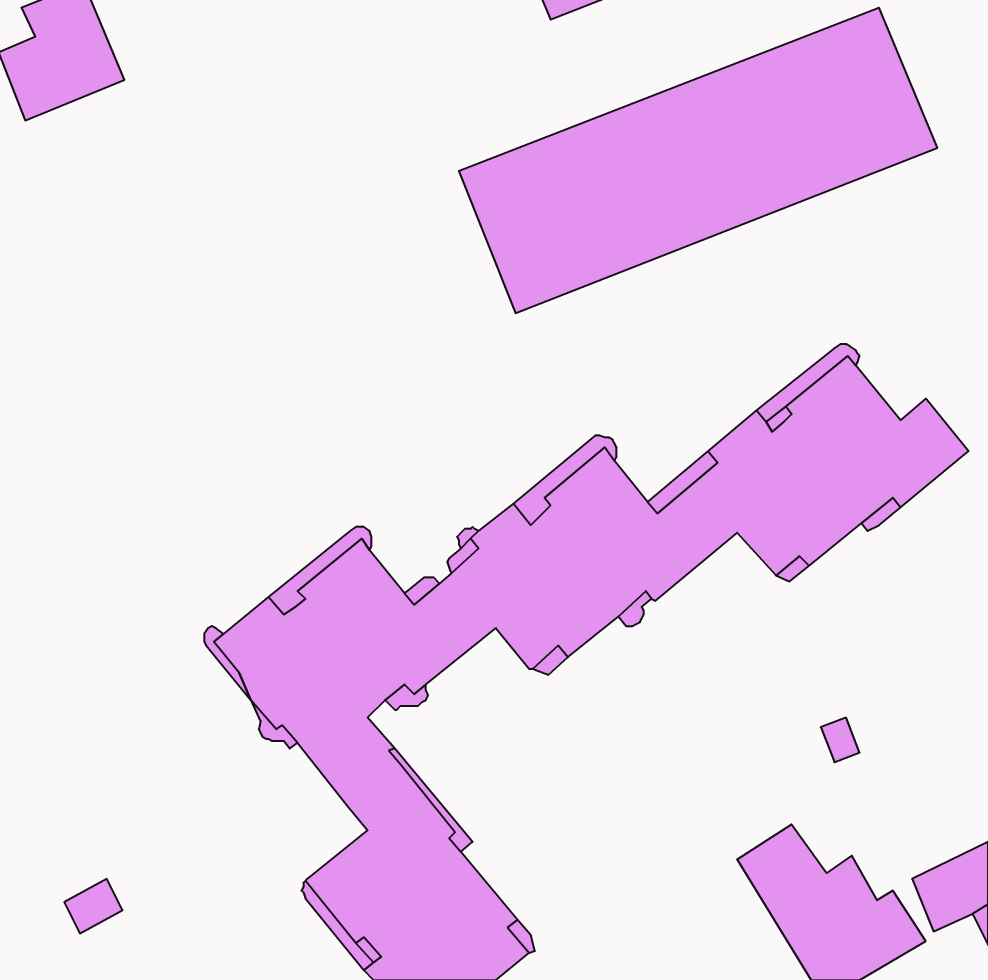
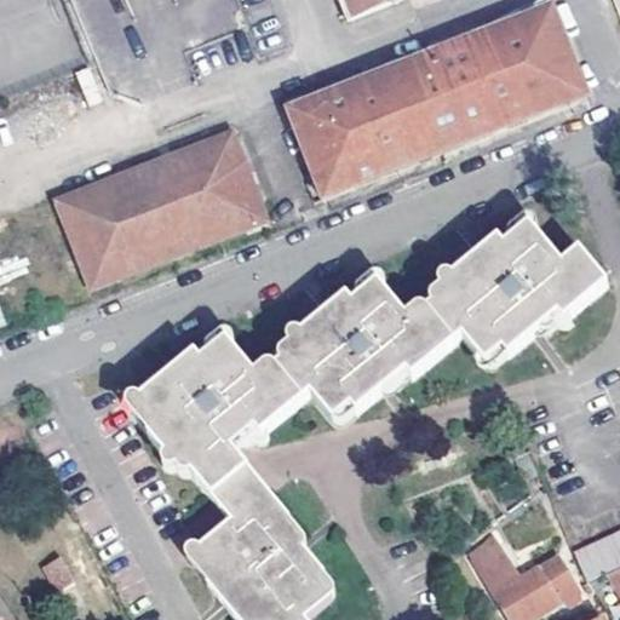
building: none -> [54,128,264,285]

